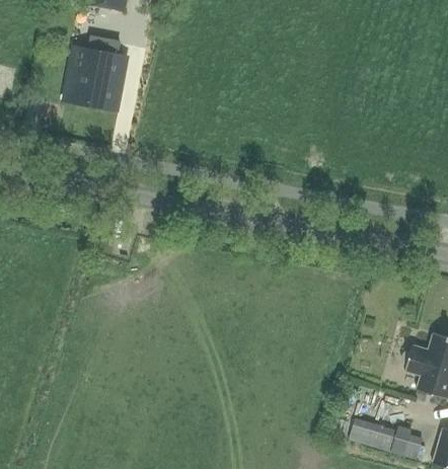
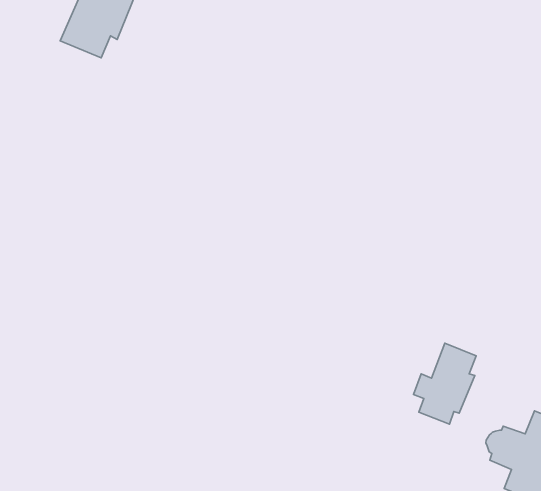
building: none -> [414,343,476,424]

